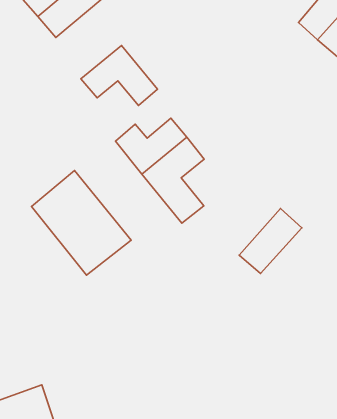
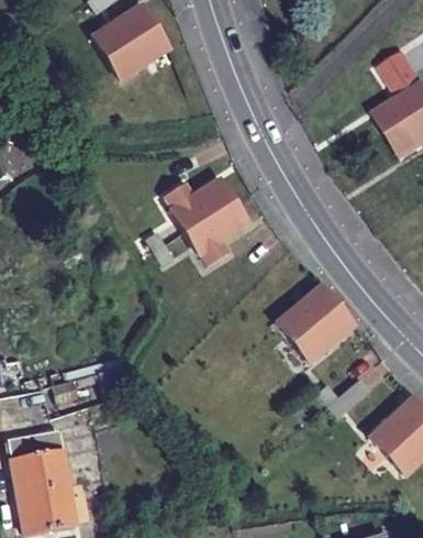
building: [81,45,158,106] -> none
building: [31,170,131,275] -> none
building: none -> [291,306,357,369]

